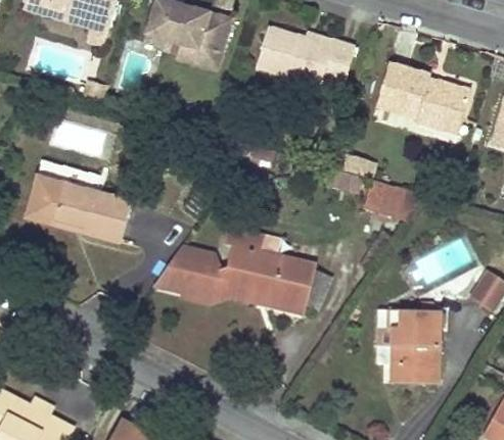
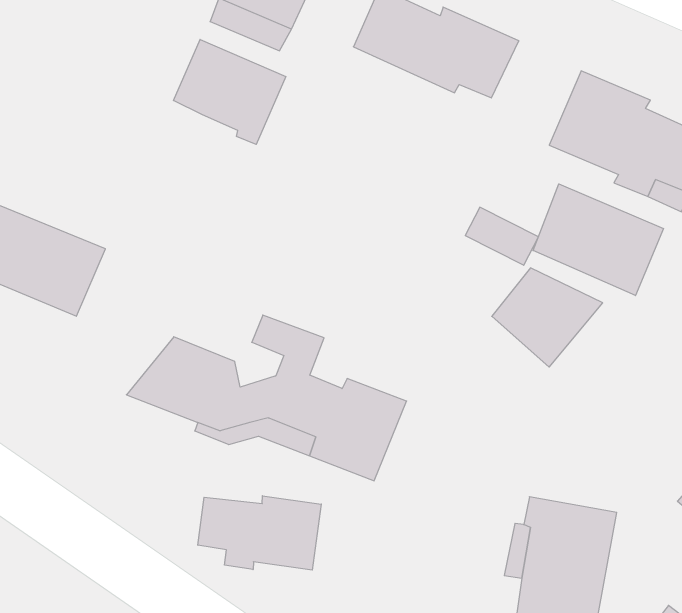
building: none -> [174,39,286,144]
building: none -> [533,184,663,296]
building: none -> [198,496,321,570]

